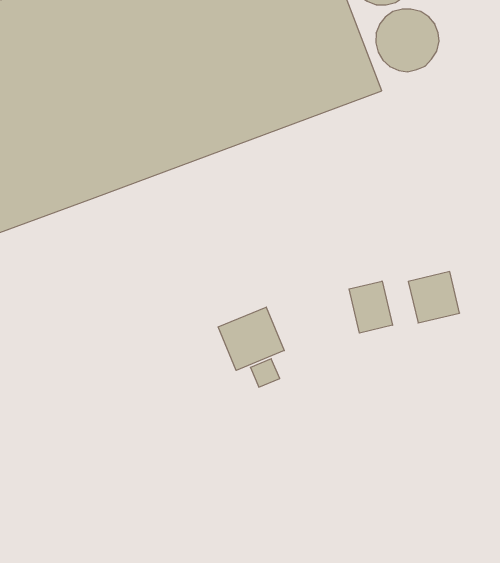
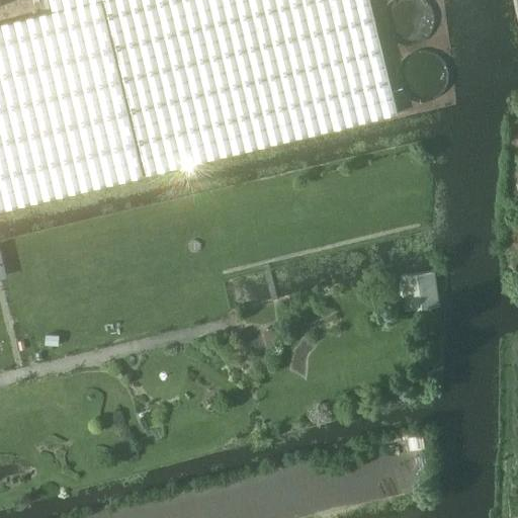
building: [349,281,393,333] -> none
building: [218,307,284,370] -> none

